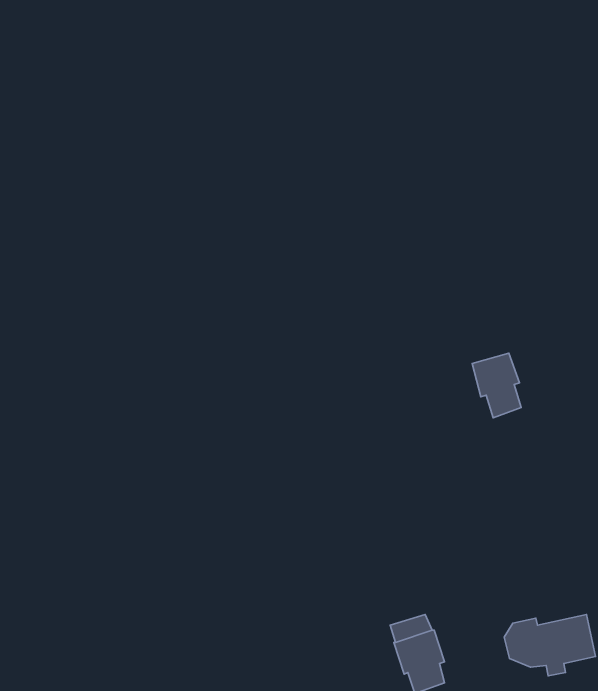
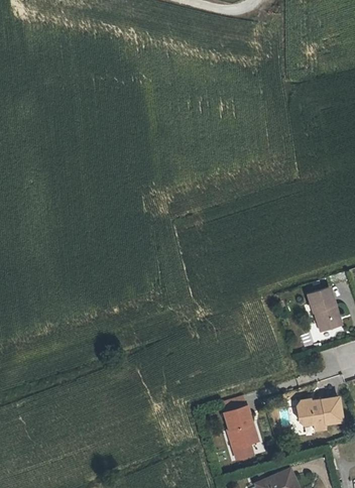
building: [472,353,521,418] -> [309,293,337,331]

